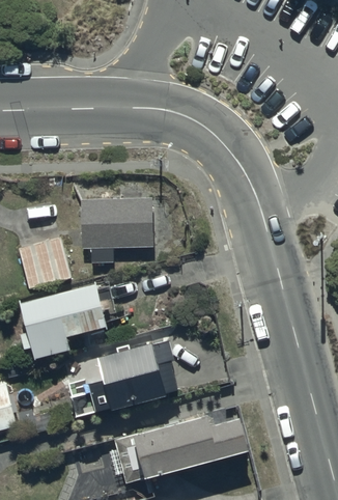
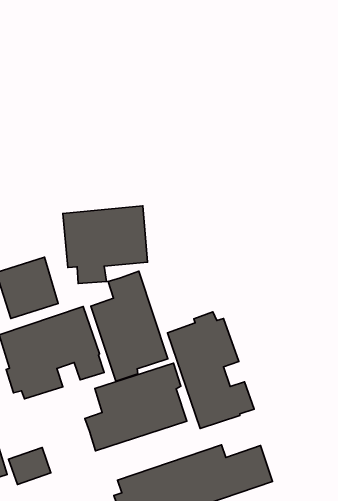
building: none -> [91,271,168,381]
building: none -> [168,312,254,429]

